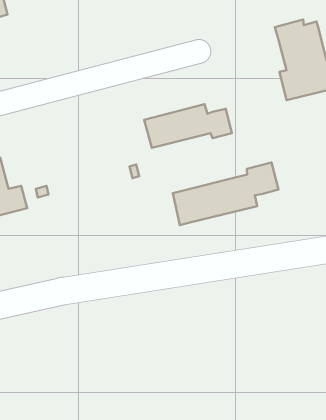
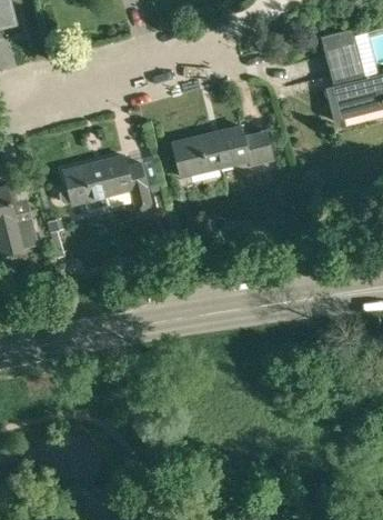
building: none -> [60,156,153,213]
building: [173,163,279,225] -> none

